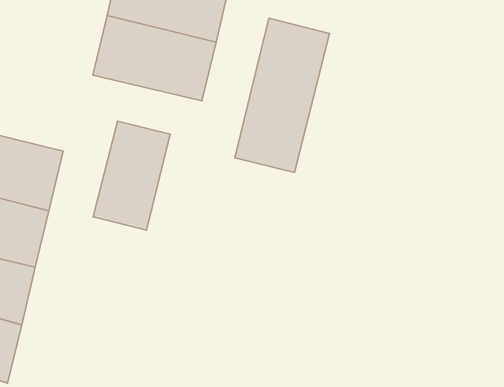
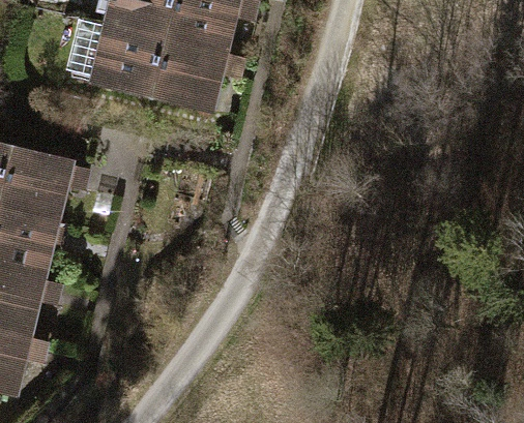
building: [235,18,330,172] -> none
building: [93,121,170,230] -> none

